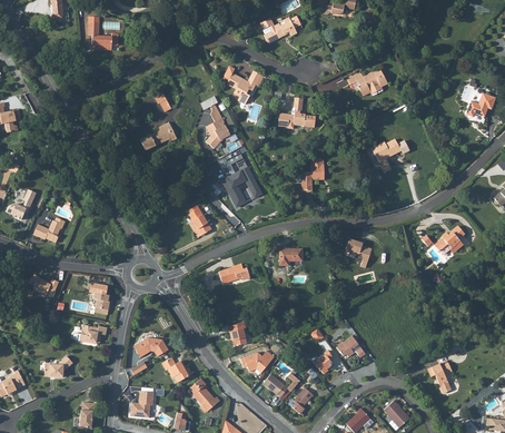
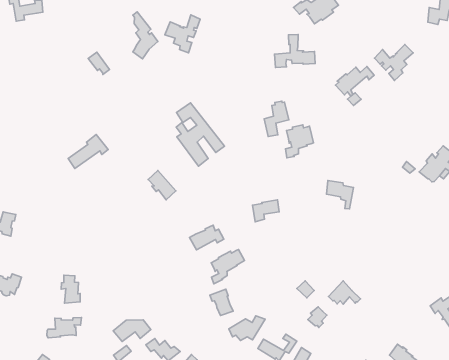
building: [277,97,315,127] -> [275,34,315,68]
building: [204,102,228,146] -> [133,12,158,59]
building: [140,122,178,150] -> [68,134,108,169]
building: none -> [374,45,413,80]
building: none -> [286,125,313,158]
building: none -> [211,249,244,284]

